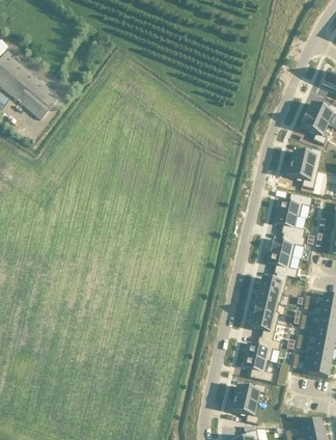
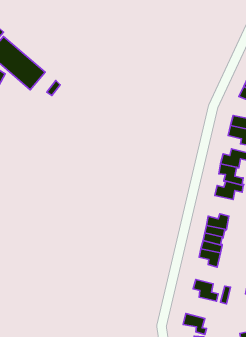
building: [268,250,298,277] -> none
building: [246,336,281,360] -> none
building: [233,383,267,404] -> none

